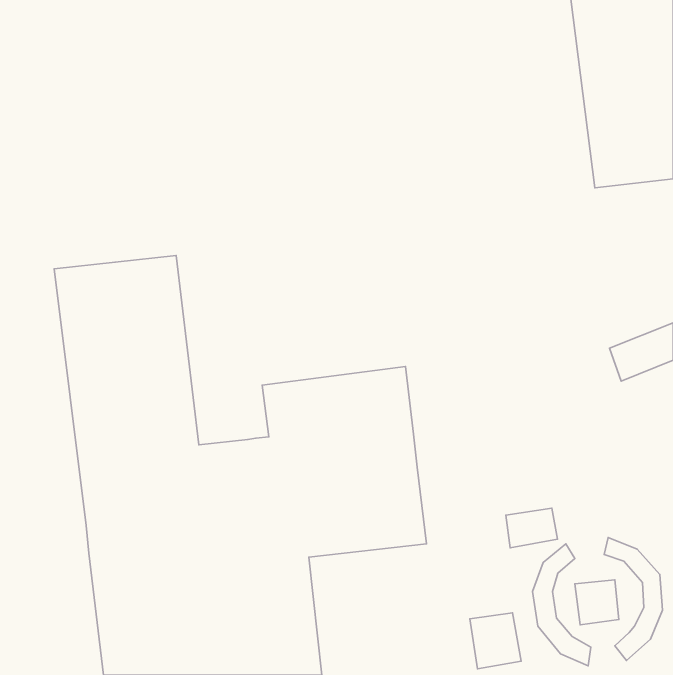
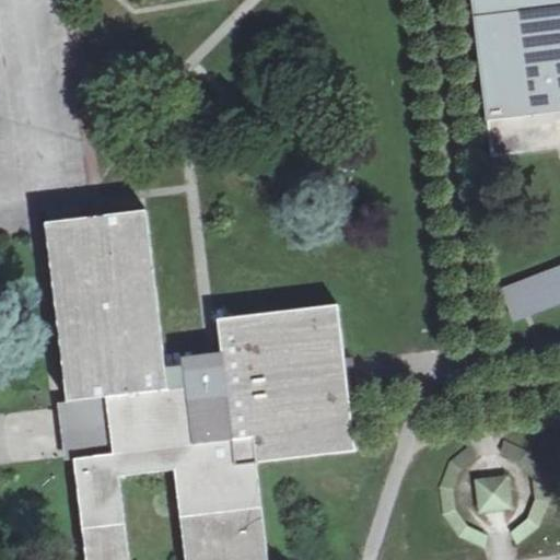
building: [506,508,557,548] -> none
building: [470,613,521,669] -> none

